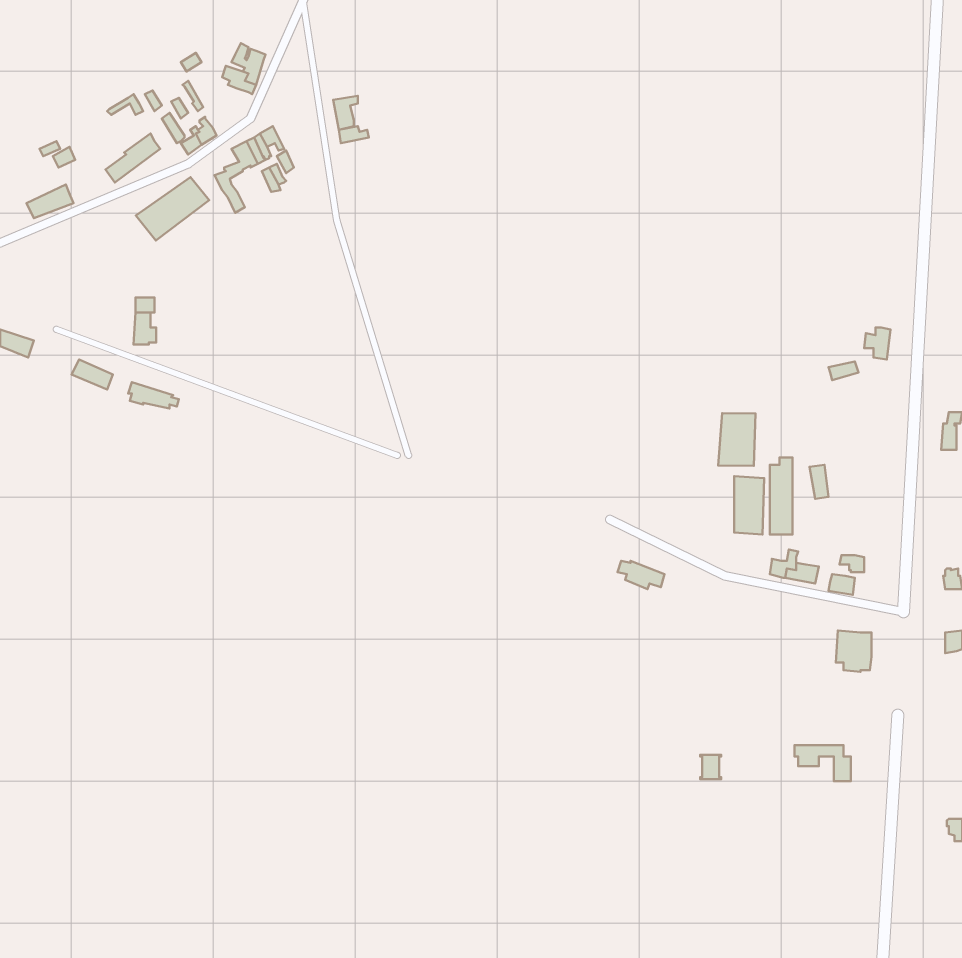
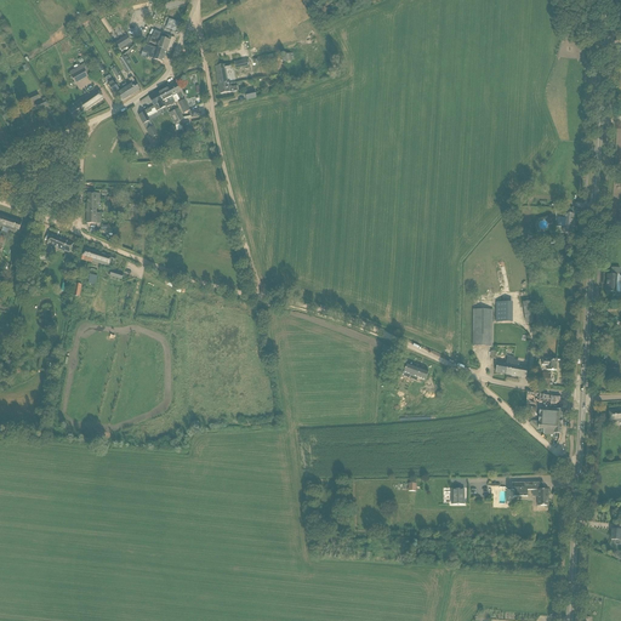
building: [136,177,209,240] -> none
building: [718,413,756,466] -> none

